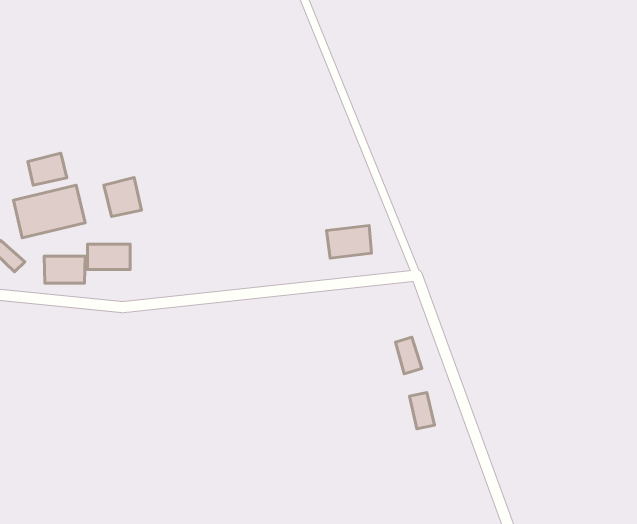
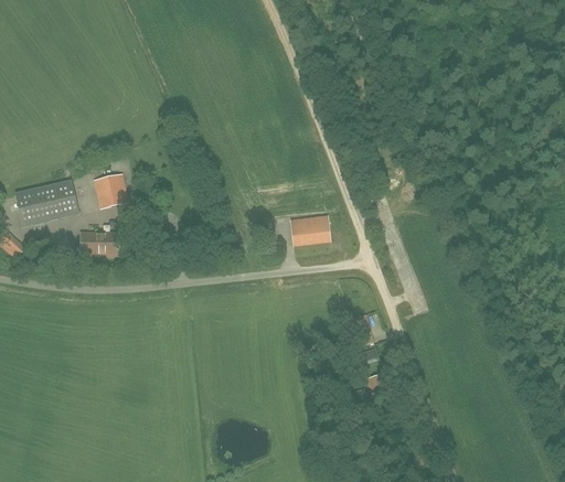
building: [28,153,67,185] -> none
building: [44,256,85,283] -> none

